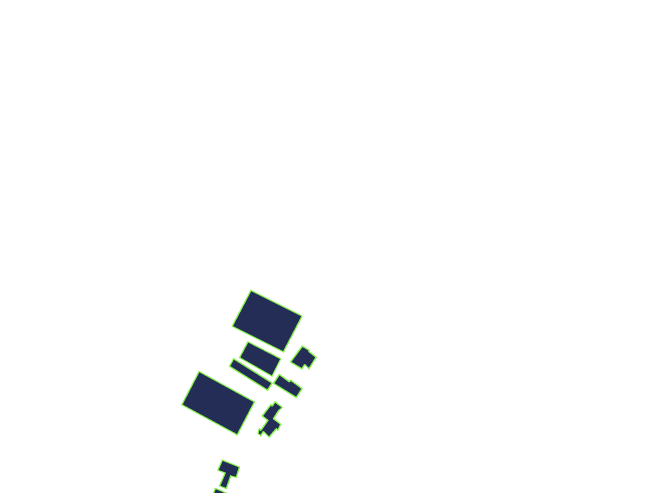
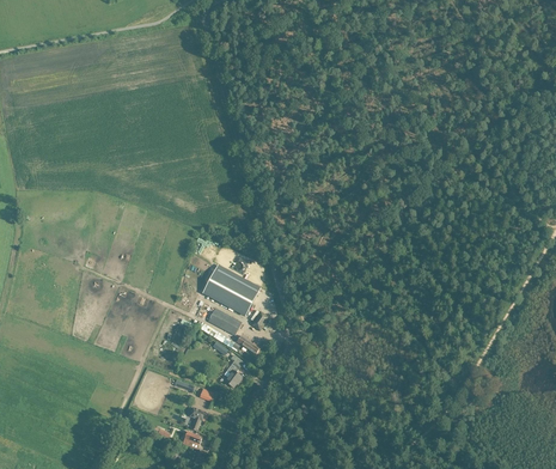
building: [182,372,254,435] -> none

